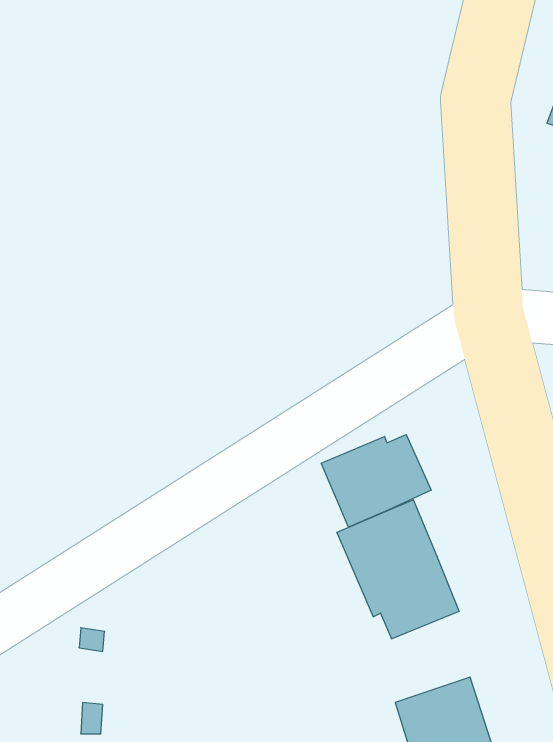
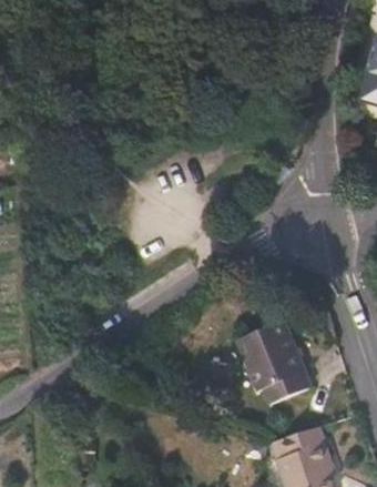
building: [321,435,431,527] -> none

